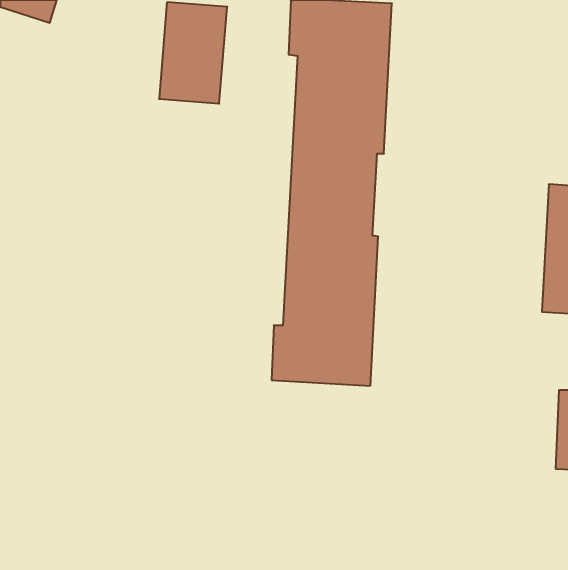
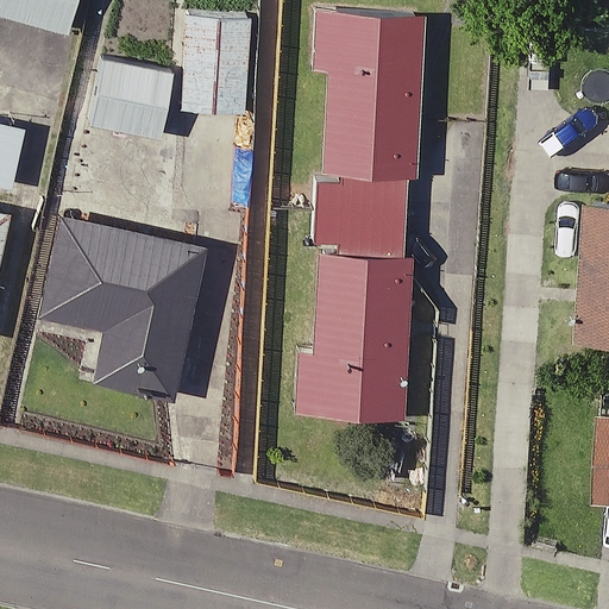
building: none -> [88,59,172,139]
building: none -> [40,219,205,400]

